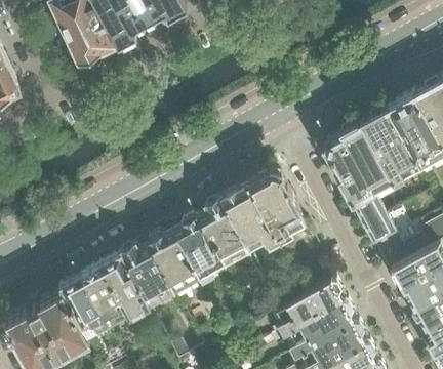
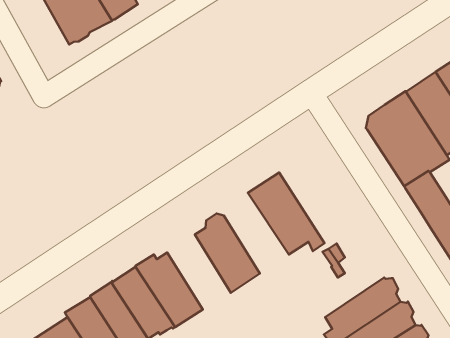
building: [247,173,305,247] -> none
building: [198,200,250,297] -> none
building: [148,232,199,295] -> none

